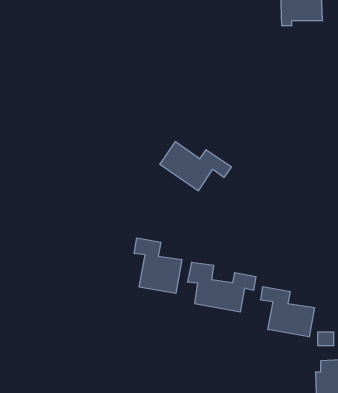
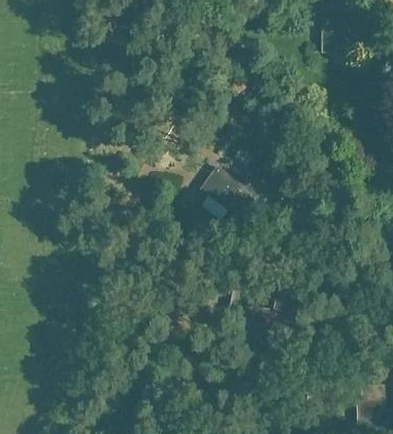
building: [134,238,182,293] -> none
building: [261,287,314,337] -> none

